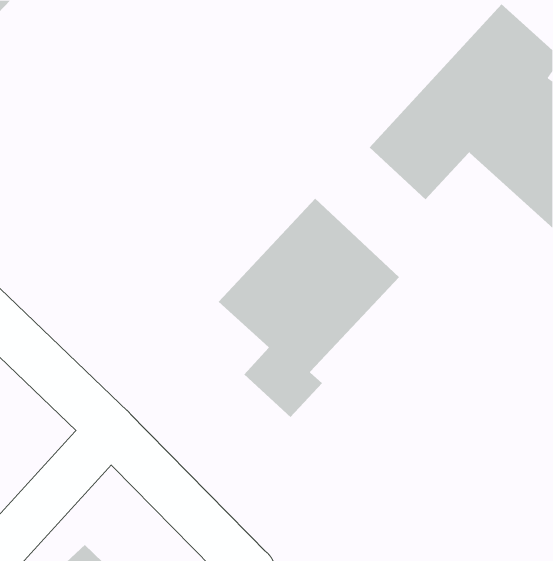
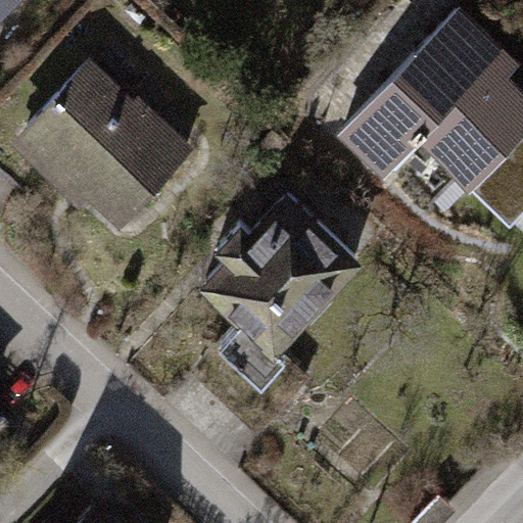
building: none -> [10,52,201,240]

